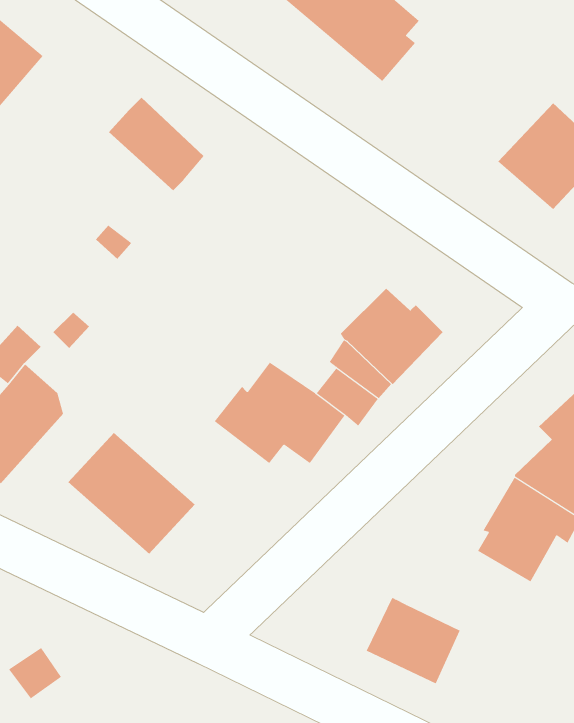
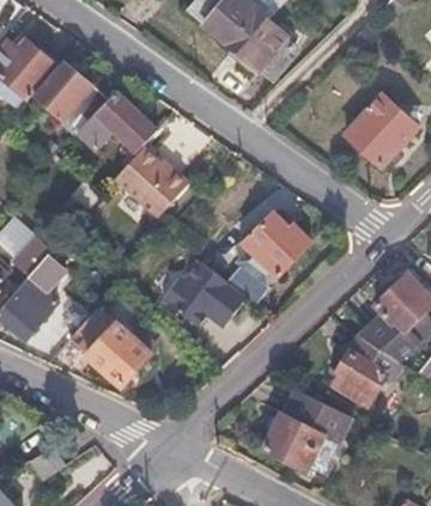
building: none -> [36,63,108,132]
building: none -> [113,145,192,221]
building: none -> [280,389,351,443]

